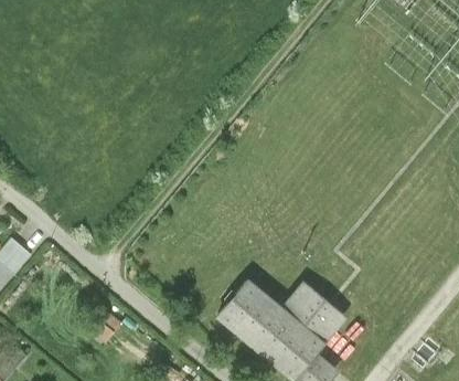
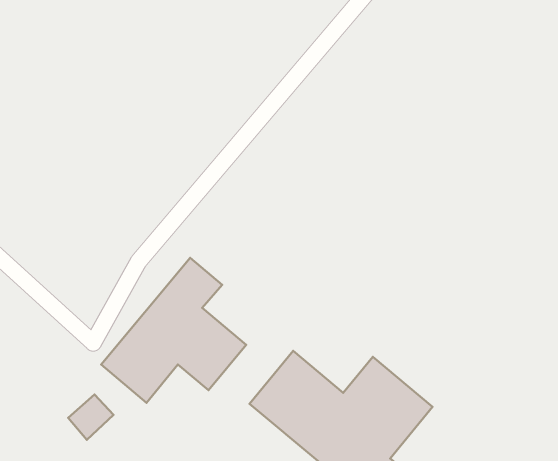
building: none -> [101,258,246,403]

